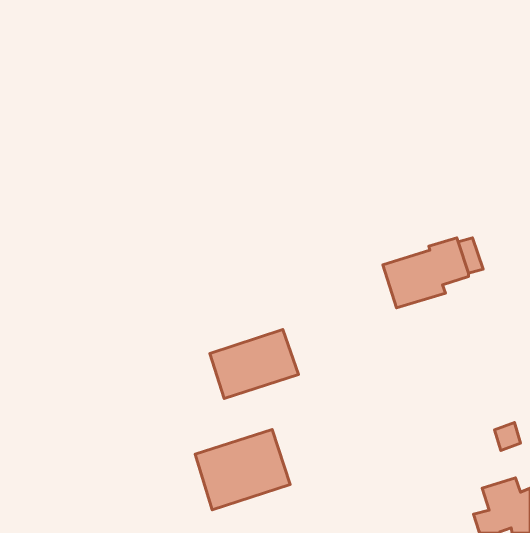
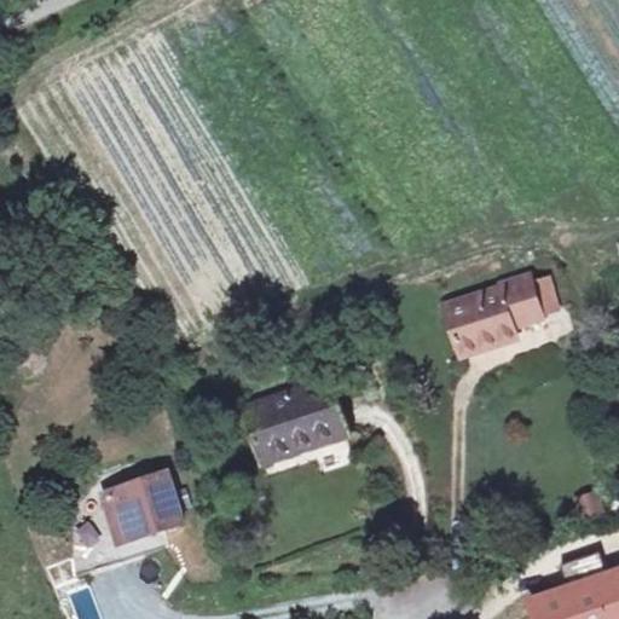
building: none -> [102,475,180,544]
building: [195,429,290,510] -> none

